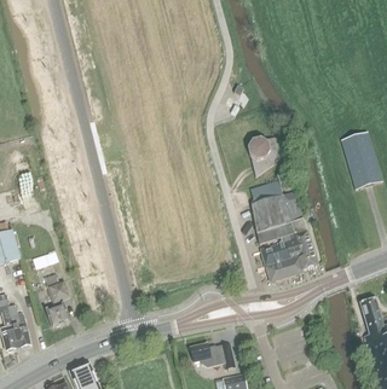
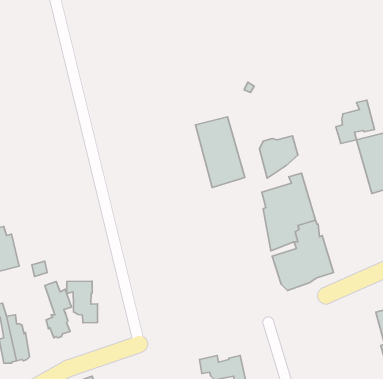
building: none -> [336,100,374,144]
building: none -> [195,117,245,187]
building: none -> [67,281,98,323]

